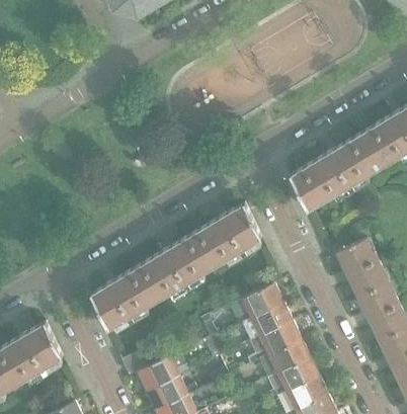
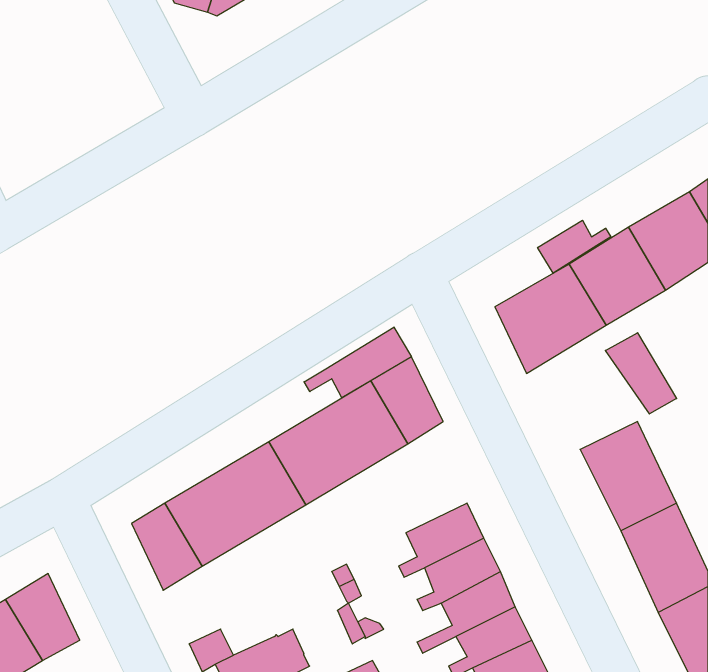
building: none -> [538,220,611,273]
building: none -> [304,327,411,398]
building: none -> [605,333,677,414]

